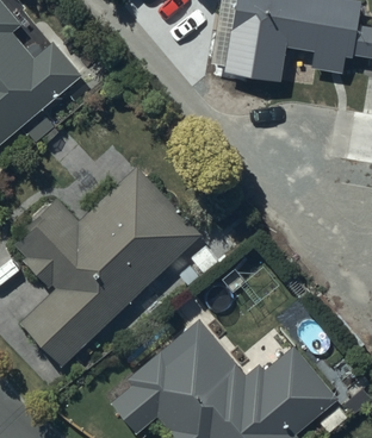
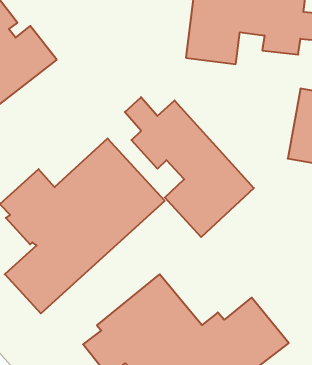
building: none -> [125,97,254,237]

